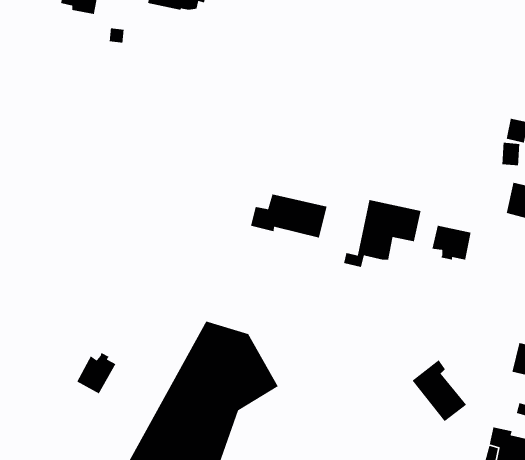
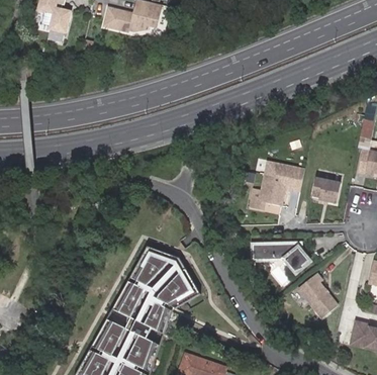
building: [250,194,327,238] -> none
building: none -> [255,243,305,275]
building: [76,352,116,395] -> none

